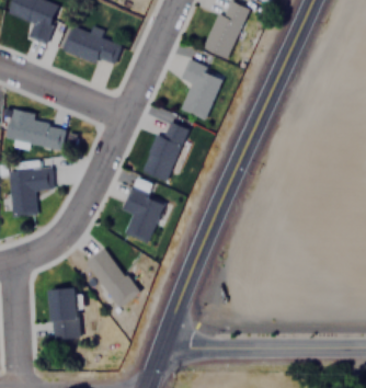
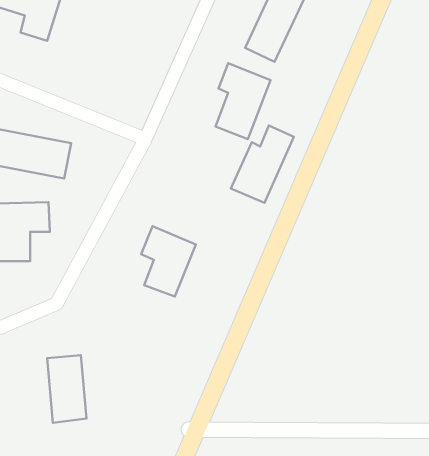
building: [62,24,121,67] -> none
building: [140,121,190,181] -> [231,125,294,203]
building: [84,248,139,308] -> none

